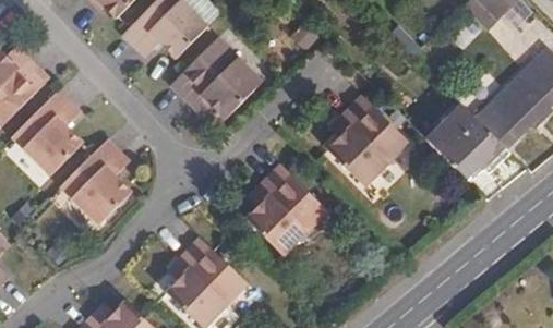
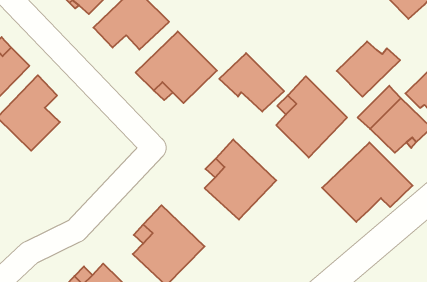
building: none -> [337,41,400,97]
building: none -> [219,53,284,112]
building: [61,138,132,224] -> none
building: none -> [322,142,413,222]

